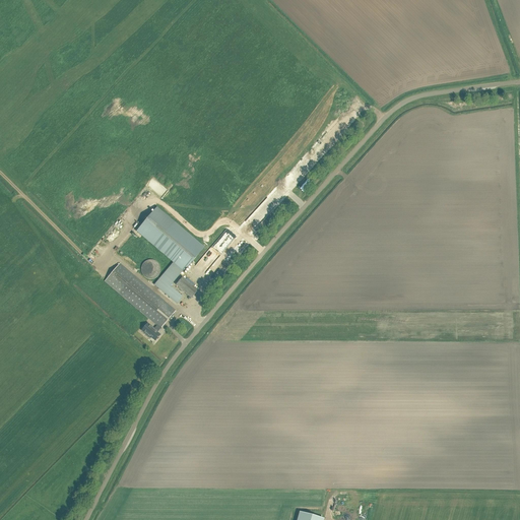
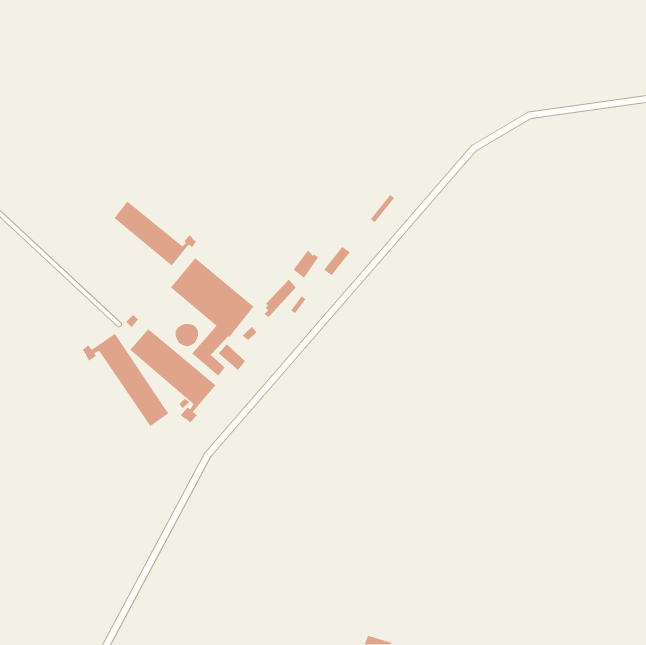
building: none -> [113,201,197,267]
building: none -> [82,333,169,427]

